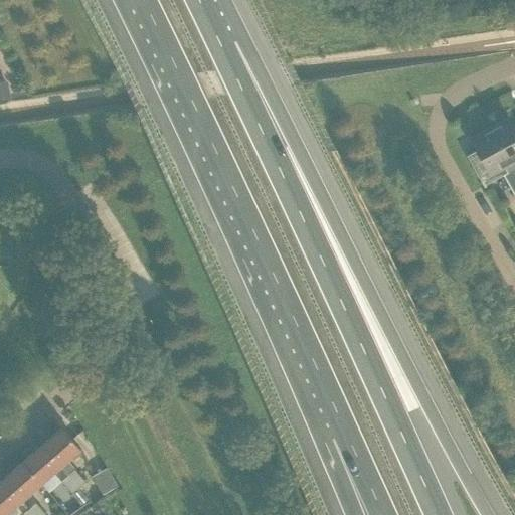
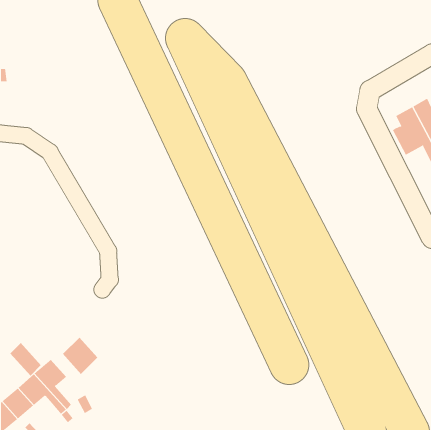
building: none -> [62,337,98,375]
building: none -> [10,342,42,376]

